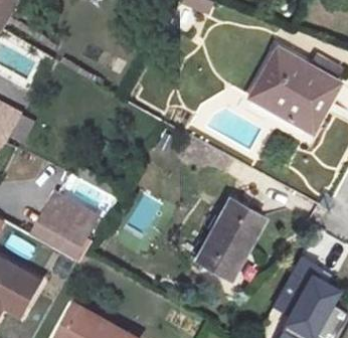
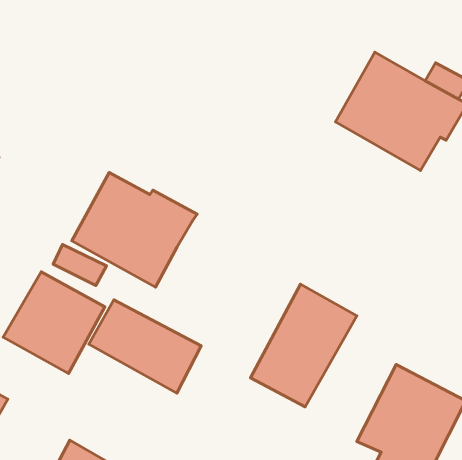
building: none -> [72,173,197,287]
building: none -> [89,300,201,393]

